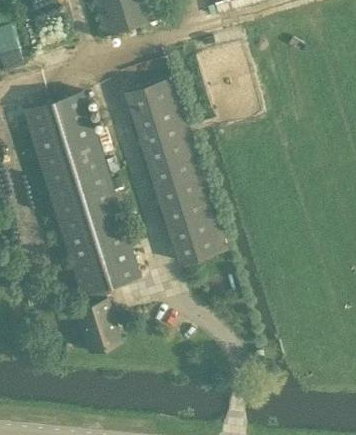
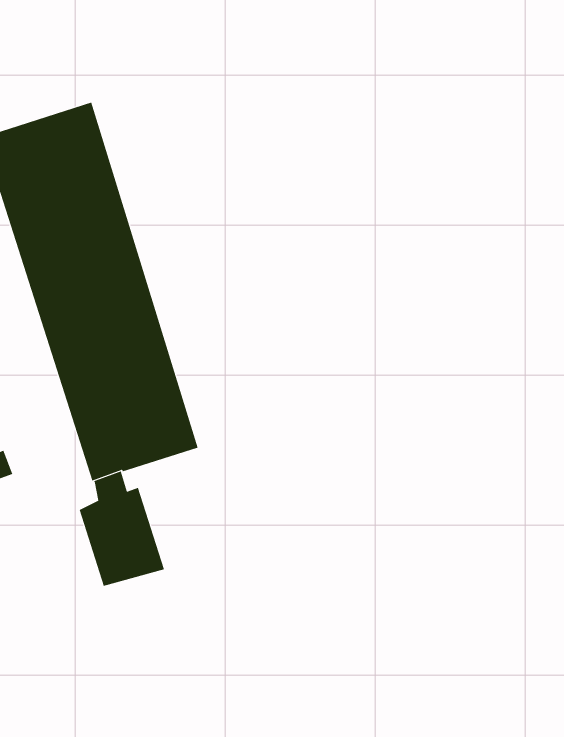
building: [125,78,226,265] -> none

